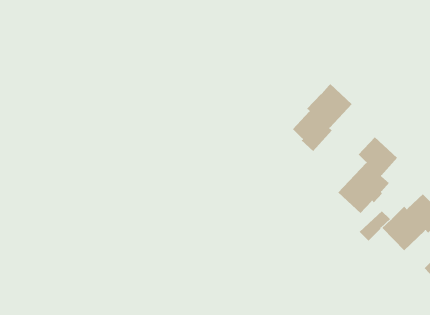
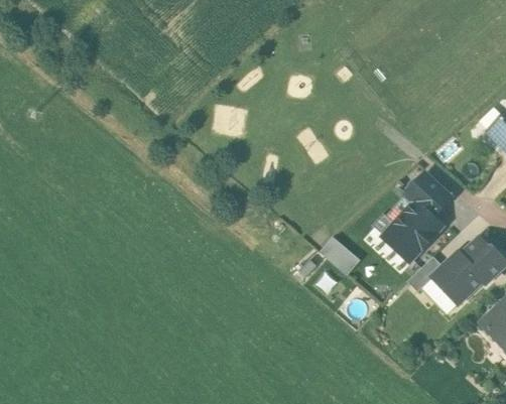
building: [292,83,353,152] -> none
building: none -> [314,235,357,275]

